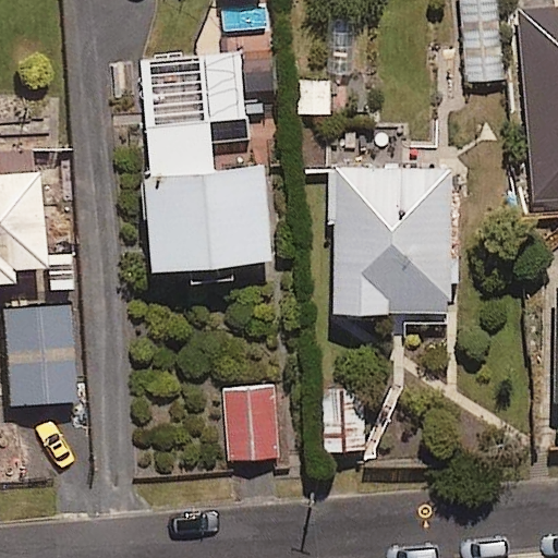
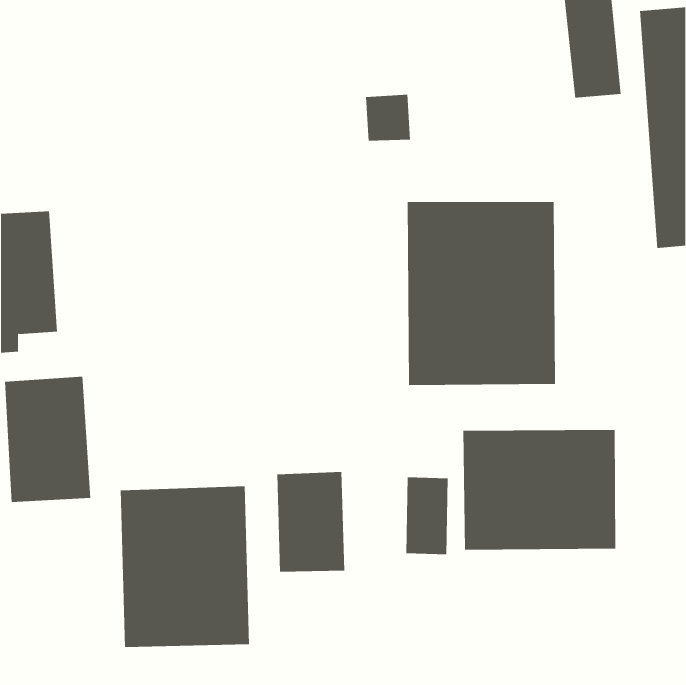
building: [142,52,272,272] -> none
building: none -> [463,429,616,550]
building: none -> [120,485,250,648]

